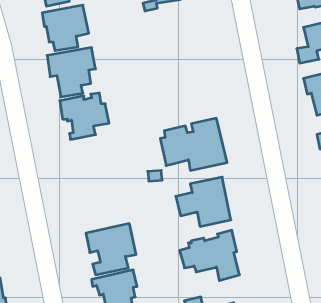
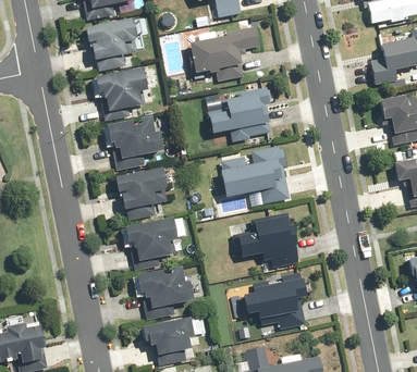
building: none -> [188,25,260,80]
building: none -> [206,86,272,139]
building: none -> [114,166,169,220]
building: none -> [123,218,175,261]

